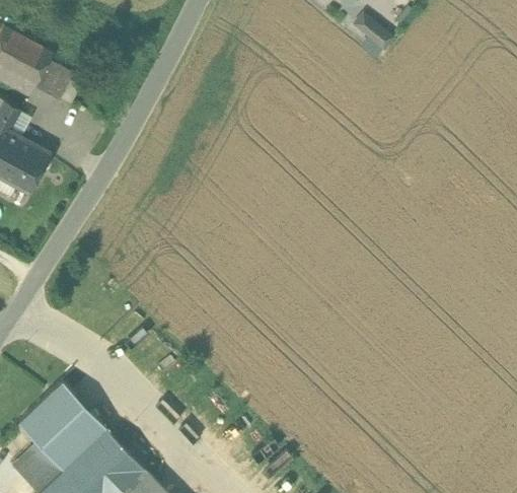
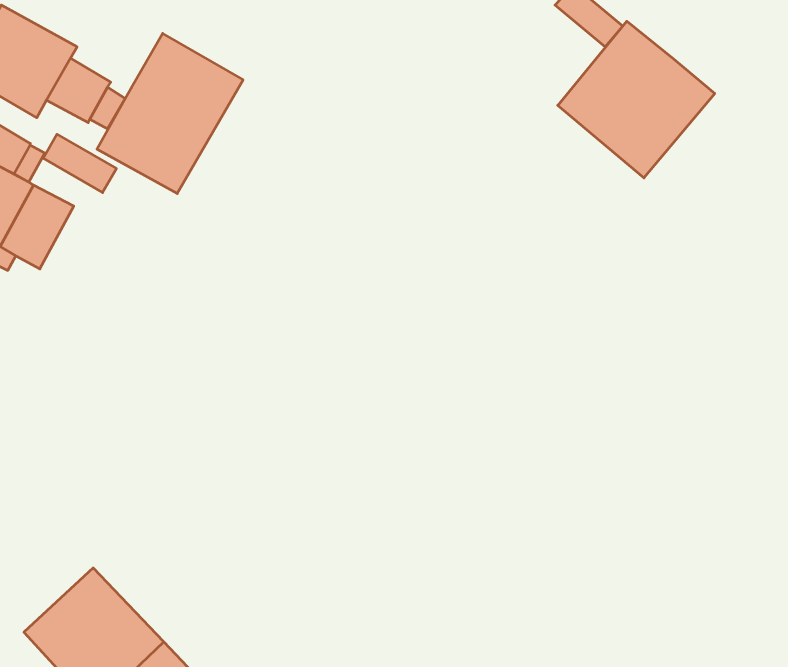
building: none -> [558,21,715,178]
building: none -> [97,33,243,194]
building: none -> [43,134,116,193]

